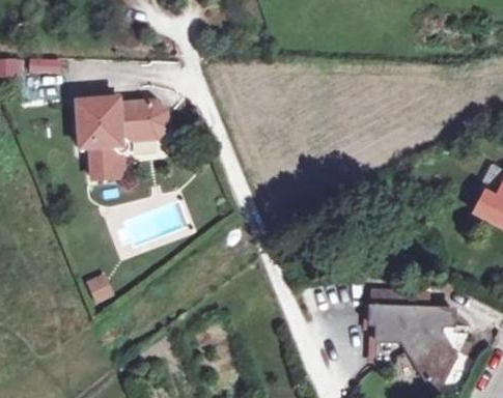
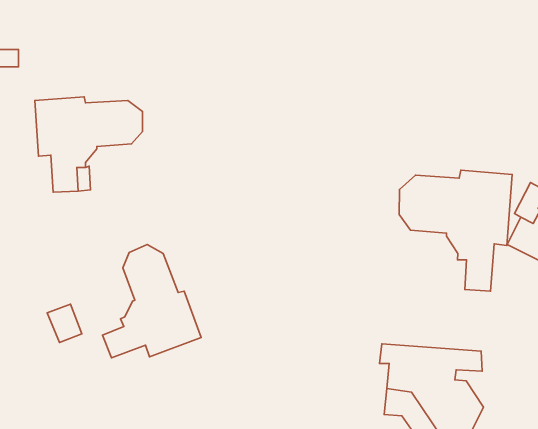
building: none -> [399,170,512,291]
building: none -> [102,245,201,358]

